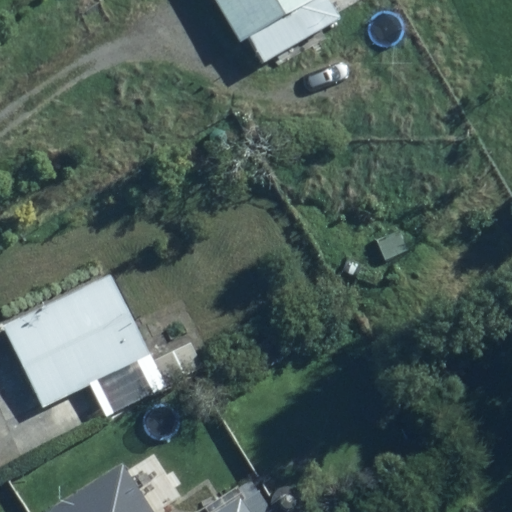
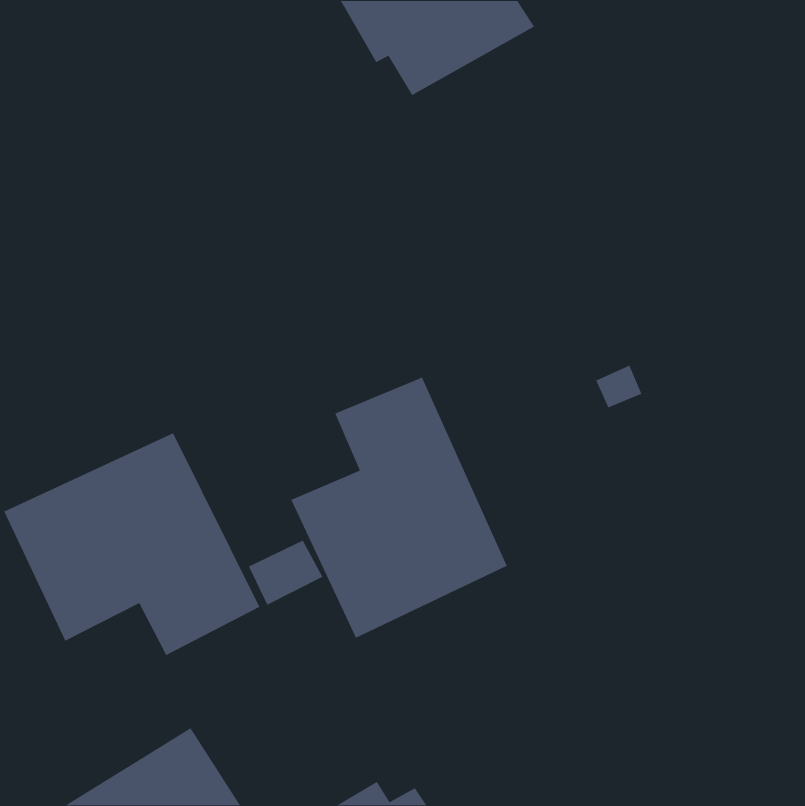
building: none -> [290,376,508,639]

